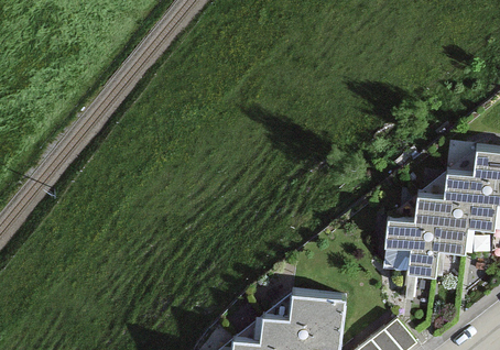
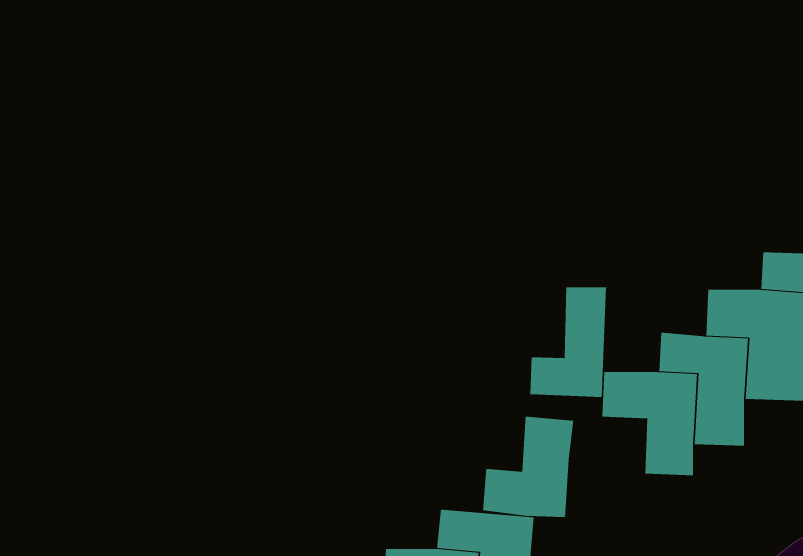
building: none -> [530,286,606,398]
building: none -> [483,416,574,518]

